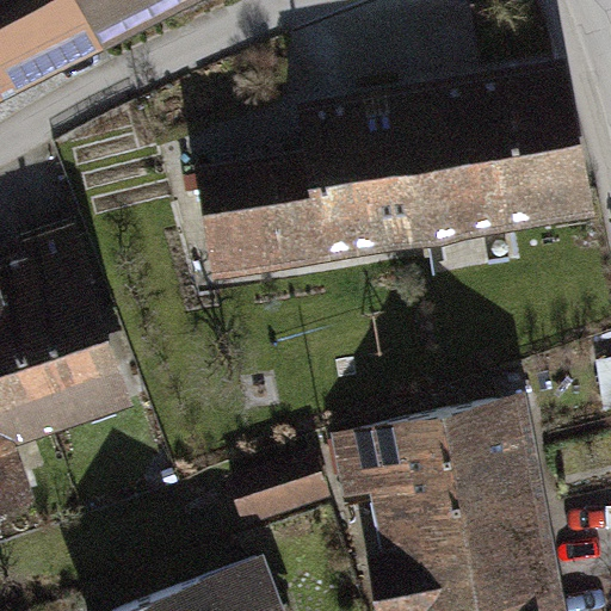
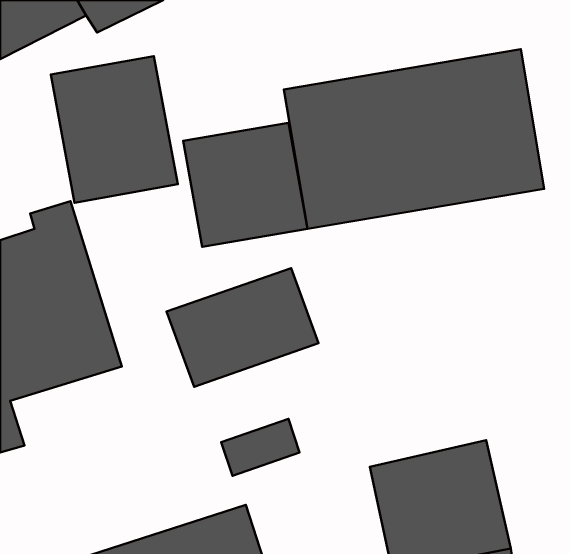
building: none -> [51,56,178,203]
building: none -> [166,268,319,387]
building: [350,414,520,517] -> none

